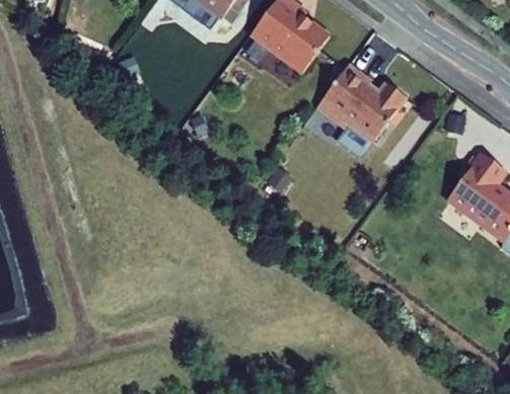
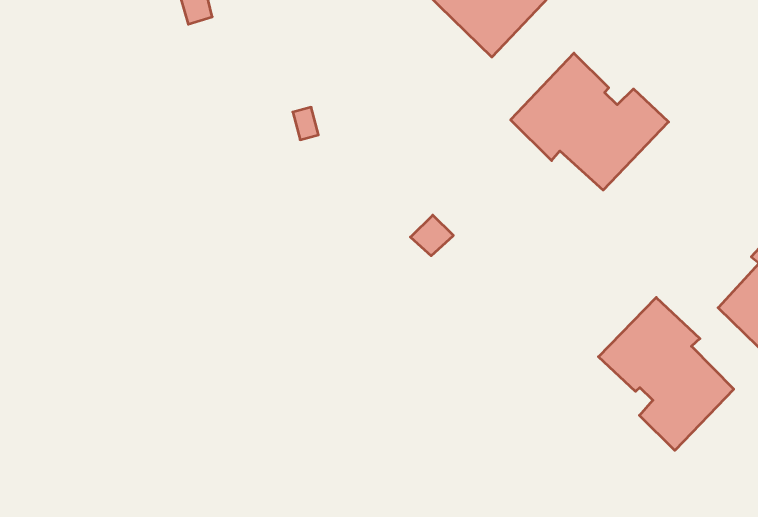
building: none -> [598,297,734,450]

